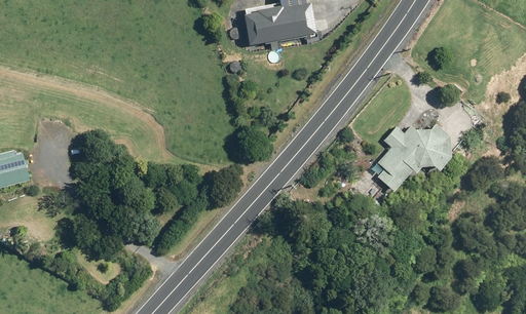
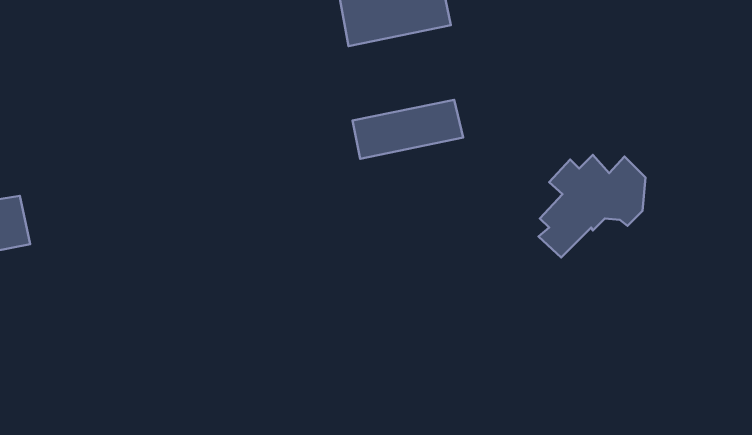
building: none -> [353,100,463,159]

